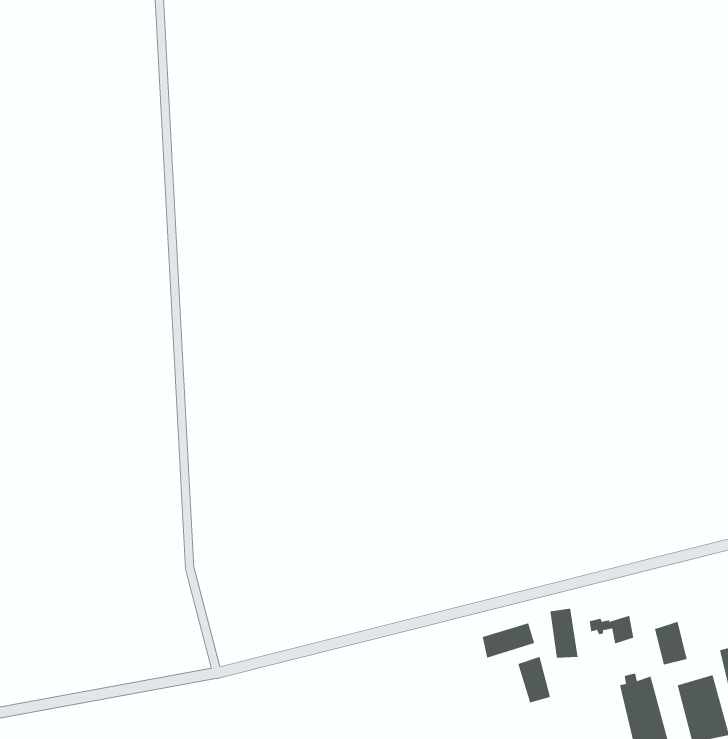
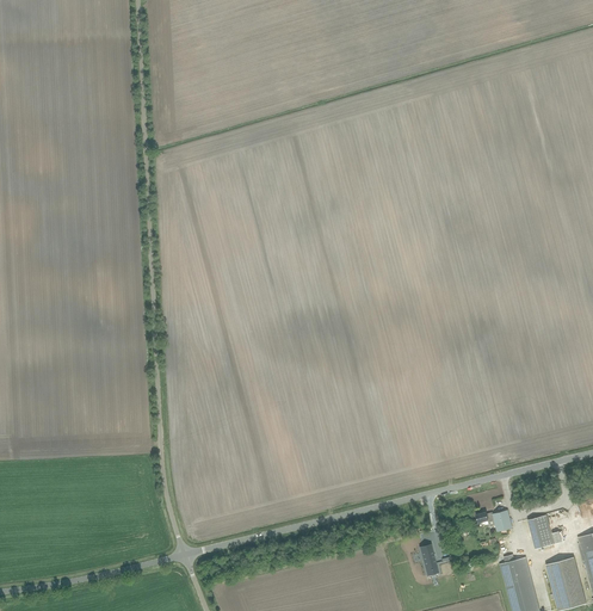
building: [550,608,578,659] -> none
building: [482,622,535,659] -> none

